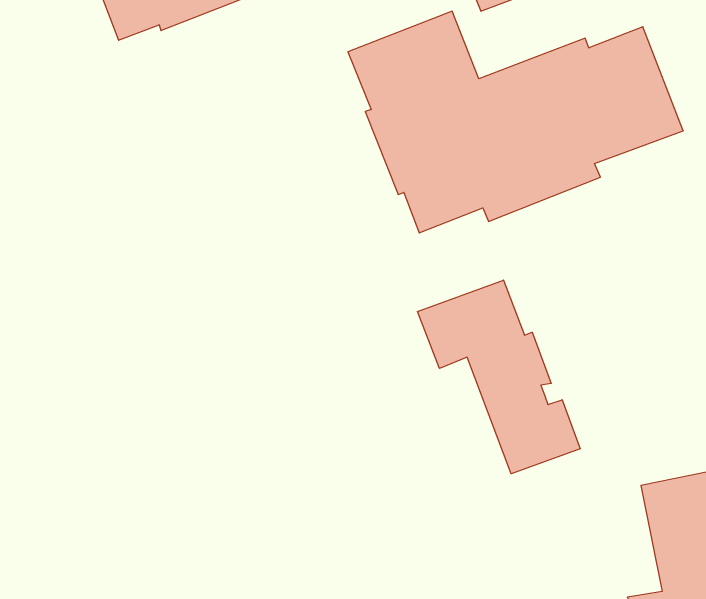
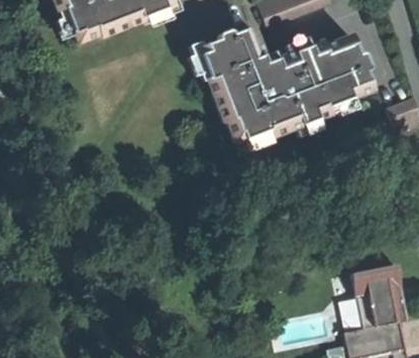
building: [417,280,580,474] -> none

